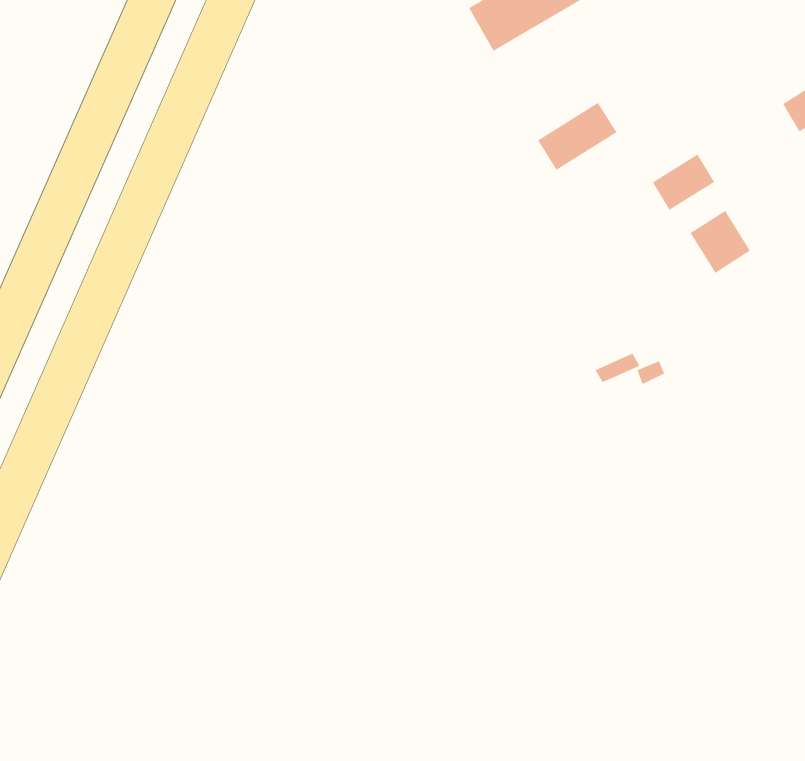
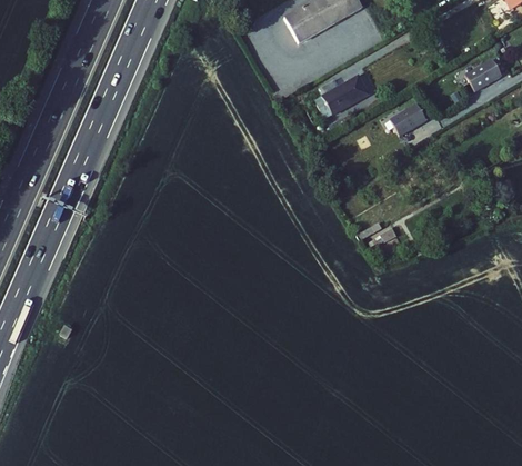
building: [690,210,751,274] -> none

